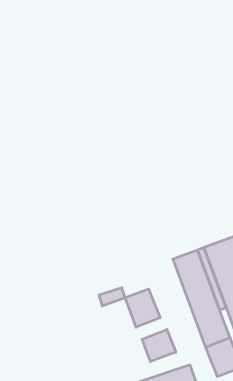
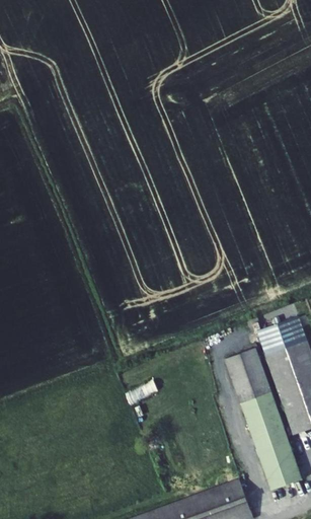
building: [125,289,160,327] -> none
building: [142,329,176,362] -> none

